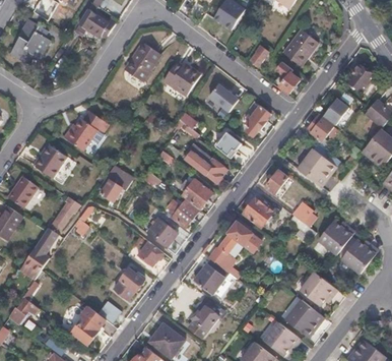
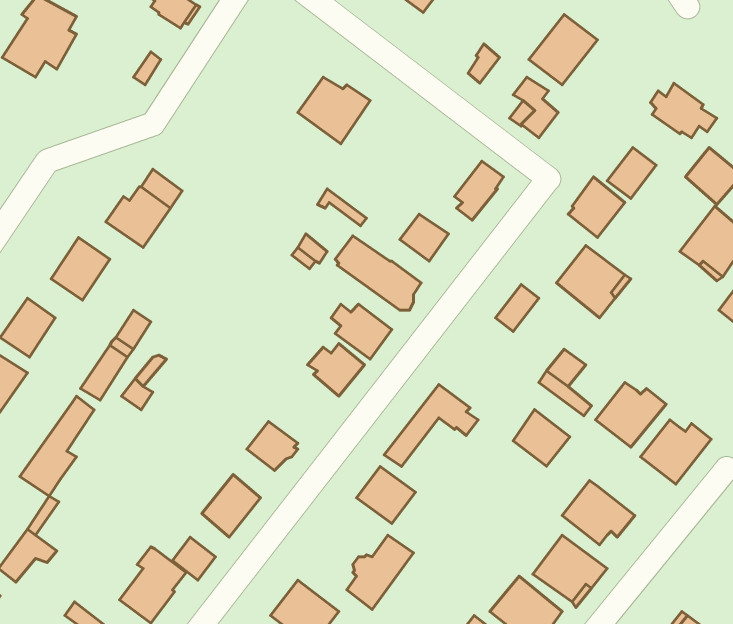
building: [124,42,161,80] -> none
building: [209,83,239,111] -> none
building: [100,166,133,200] -> none
building: [244,196,273,226] -> [513,409,570,466]
building: [147,218,178,247] -> none

